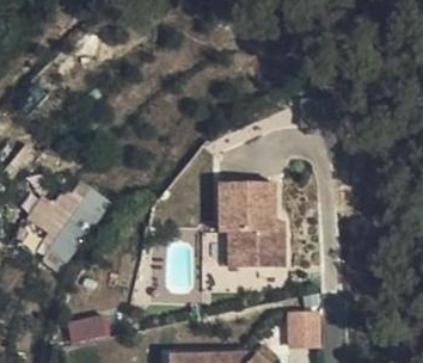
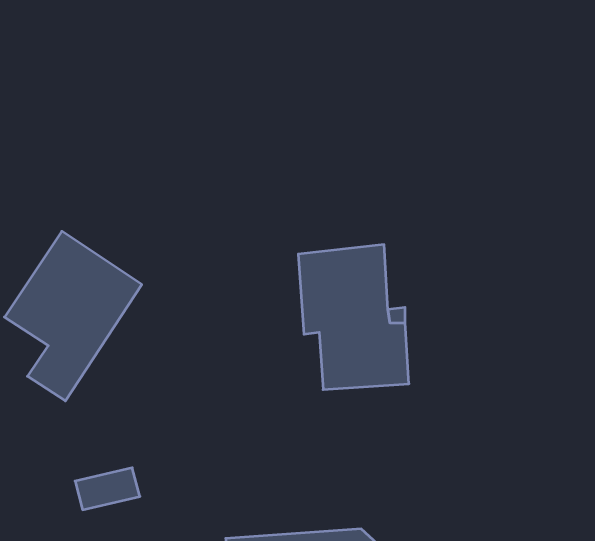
building: [287,310,321,350] -> none

